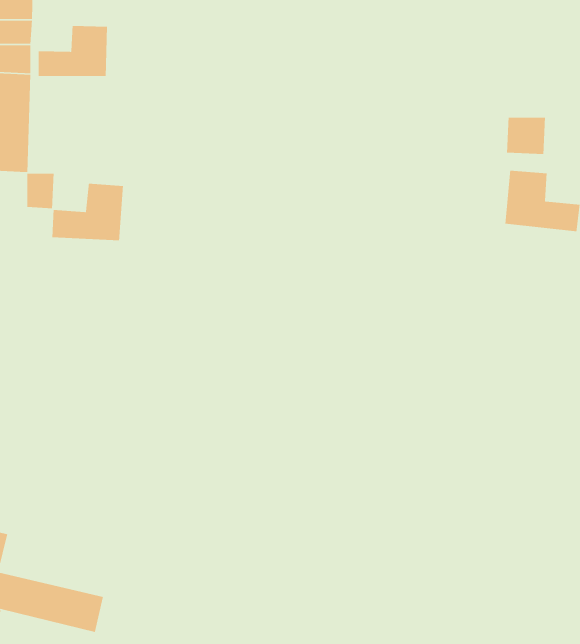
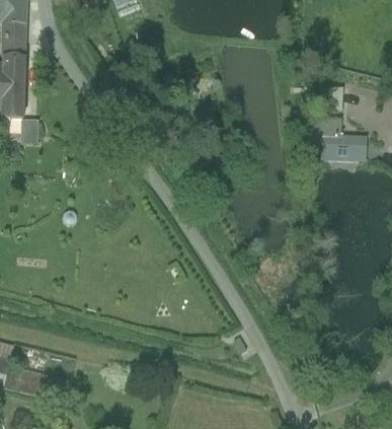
building: [38,25,108,77] -> none
building: [52,183,124,241] -> none

